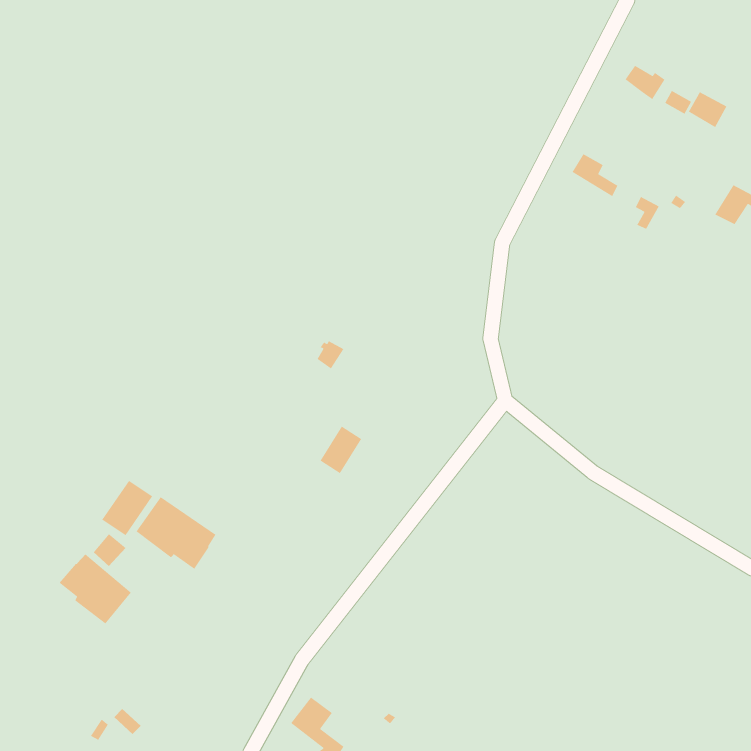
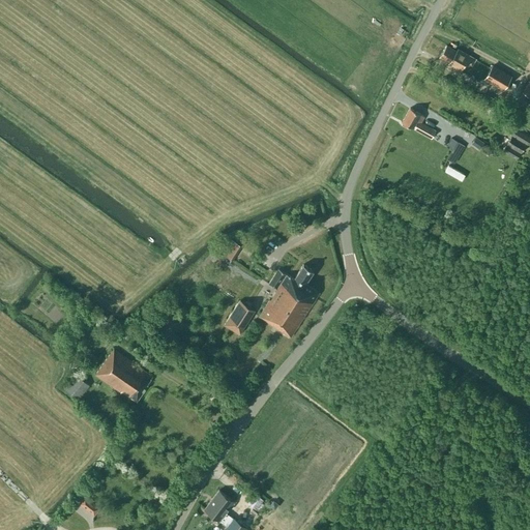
building: none -> [260,265,320,337]
building: [101,480,153,536] -> none
building: [59,553,132,625] -> none

